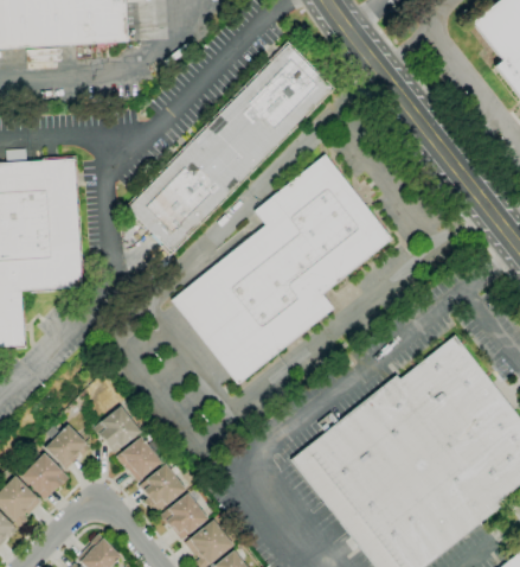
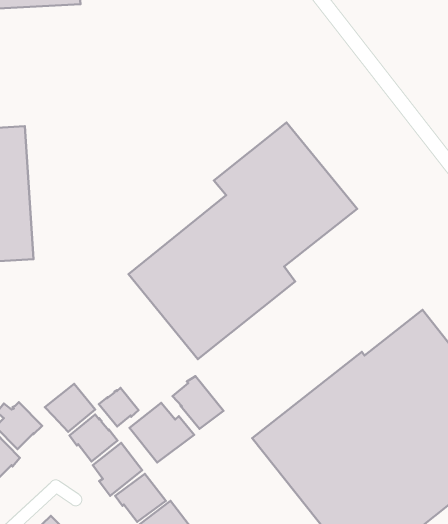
building: [128,46,330,251] -> none
building: none -> [173,376,224,429]
building: none -> [99,388,139,427]
building: none -> [129,403,194,463]

